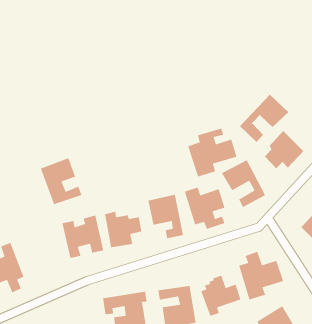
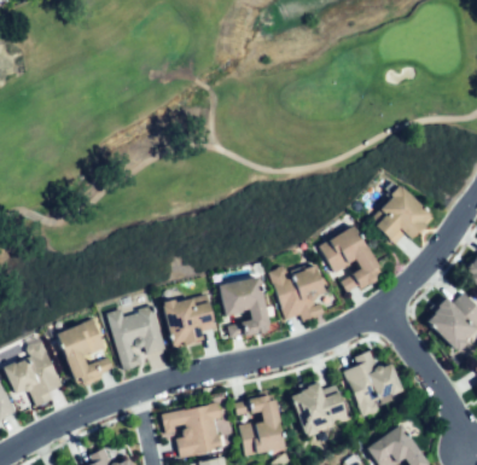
building: [239,94,289,143] -> none
building: [187,127,238,178] -> none
building: [40,157,82,205] -> [56,320,112,384]

